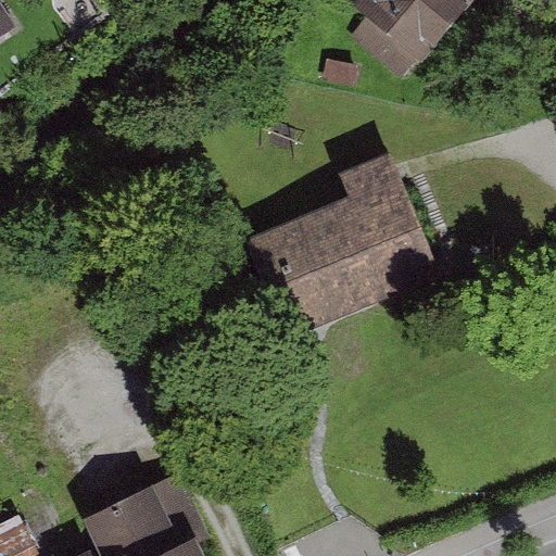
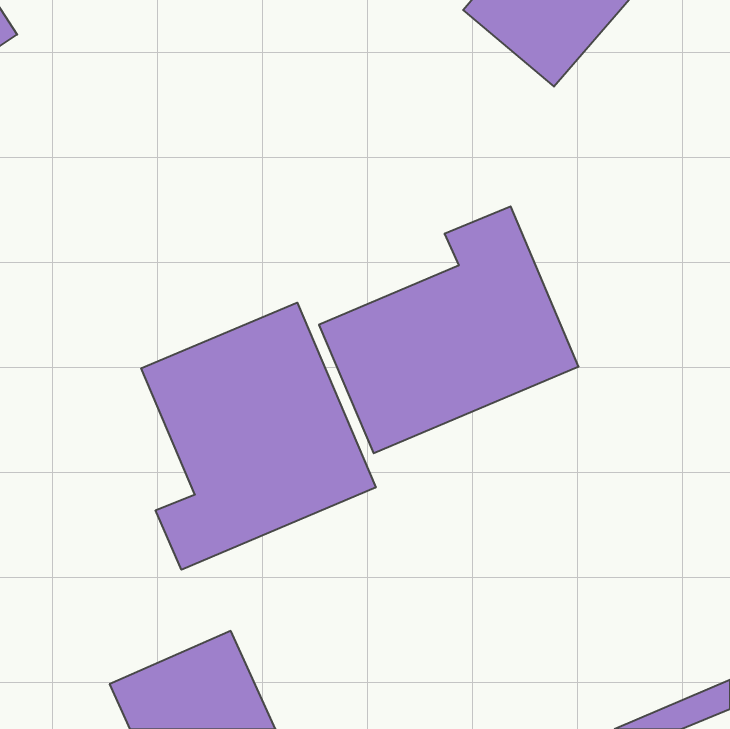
building: none -> [141,303,376,570]

